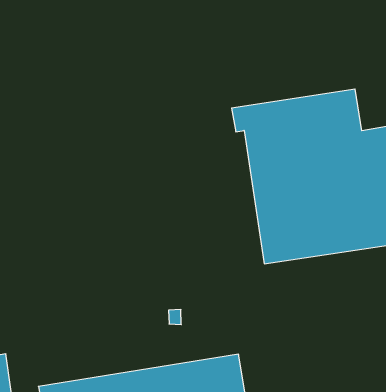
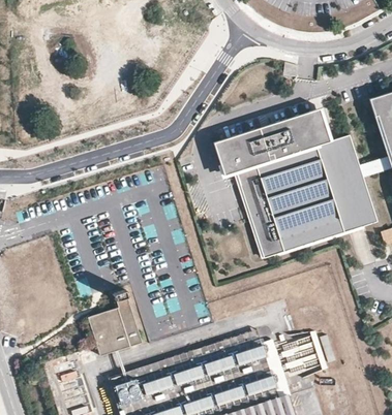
building: none -> [86,291,140,355]

